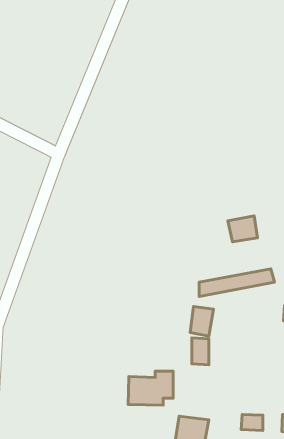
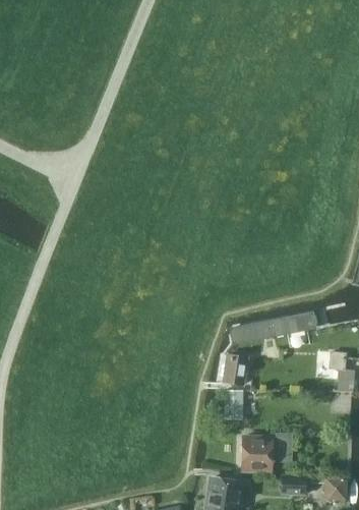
building: [228,216,258,242] -> none
building: [128,371,173,405] -> [242,433,293,471]

